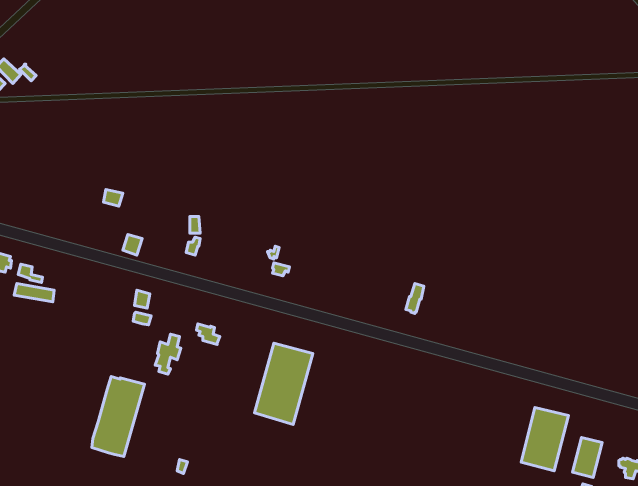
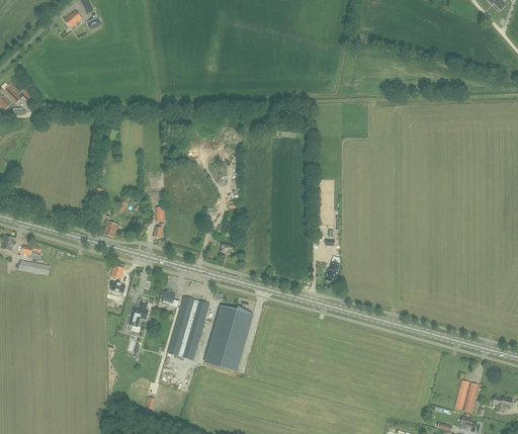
building: [92,376,145,457] -> [167,296,208,359]
building: [521,408,569,471] -> none

